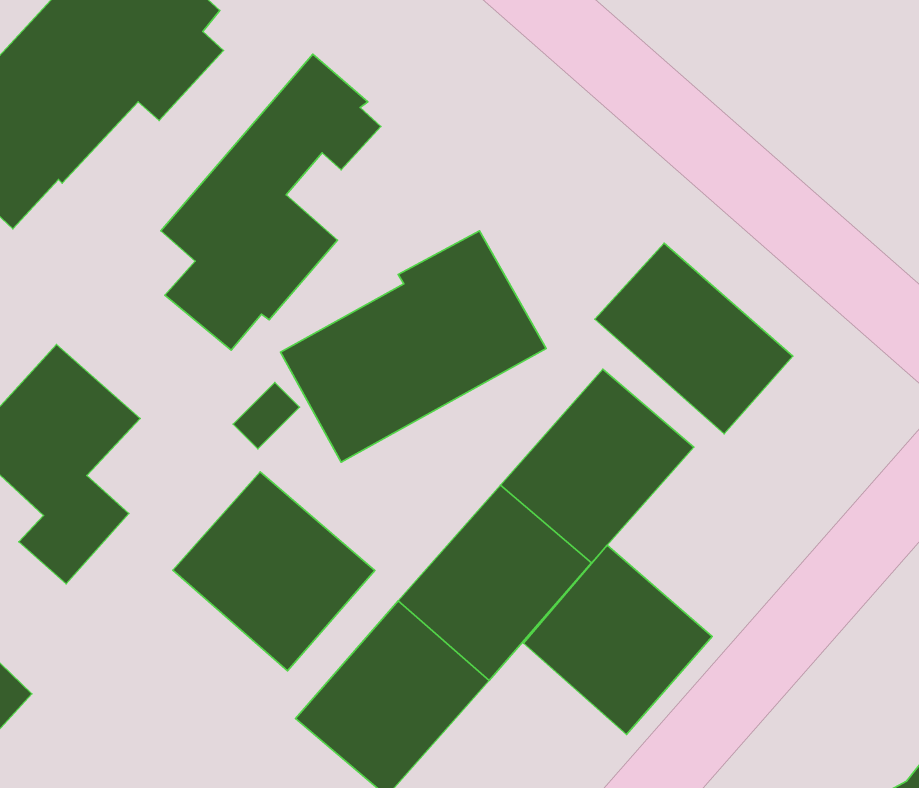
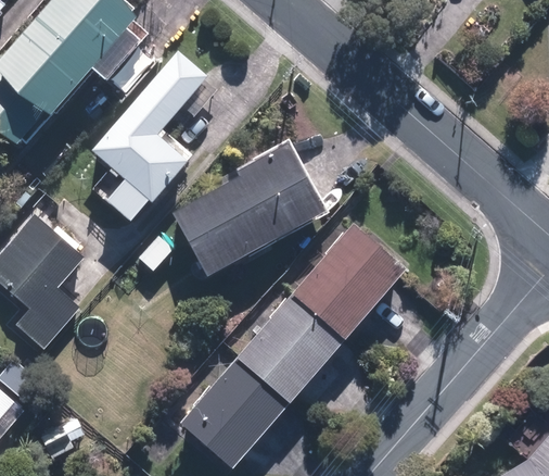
building: [595,243,793,434] -> none
building: [173,472,375,671] -> none
building: [523,545,712,735] -> none

